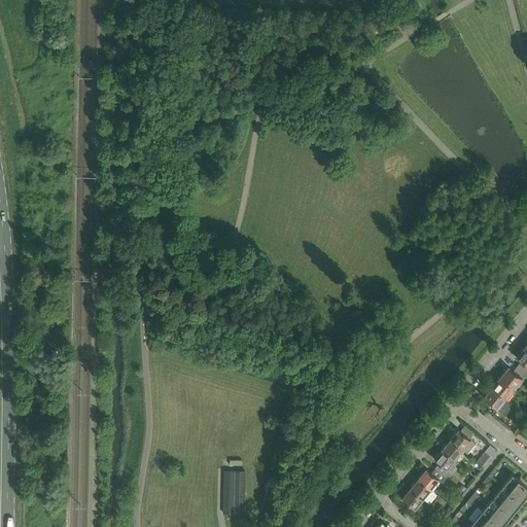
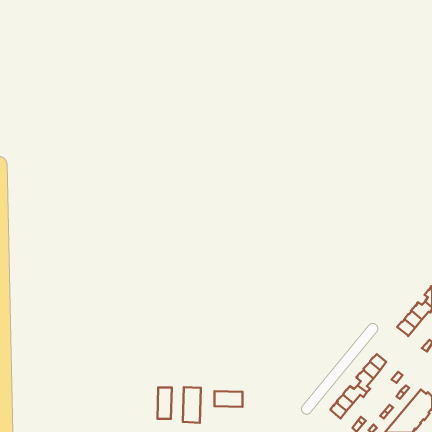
building: none -> [157,387,172,419]
building: none -> [214,391,242,407]

